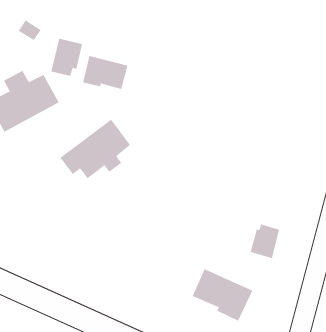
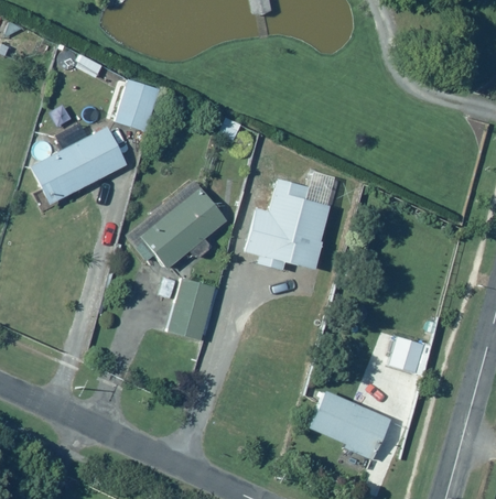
building: [83,55,128,90] -> none
building: none -> [246,172,336,271]
building: none -> [169,279,218,340]

